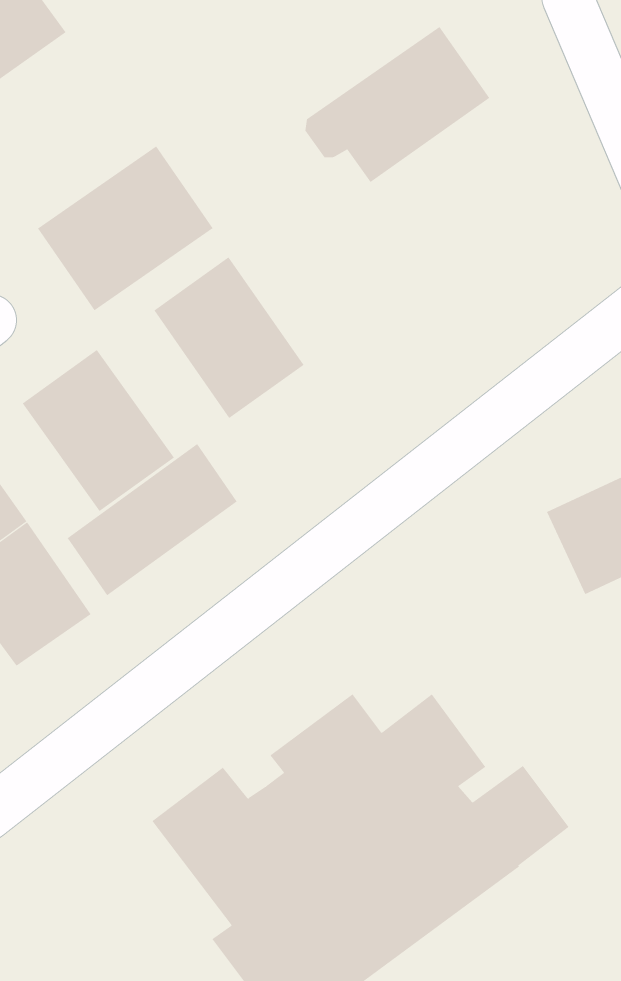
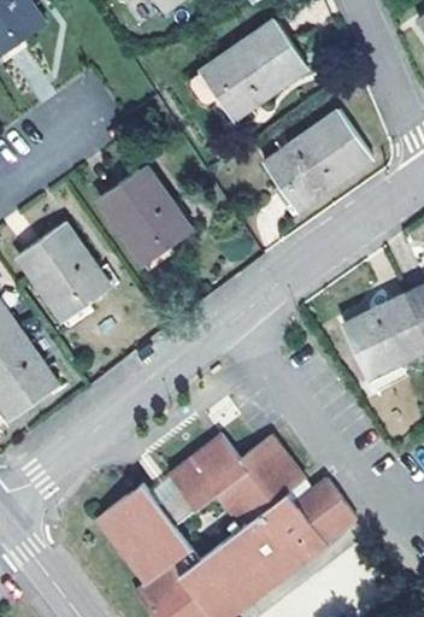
building: [37,145,214,311] -> none
building: none -> [265,112,372,210]
building: [67,443,238,596] -> none

